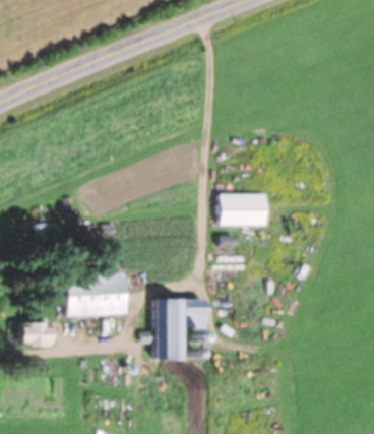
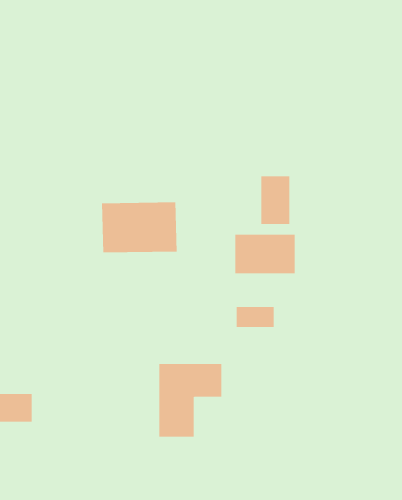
building: none -> [261,175,290,225]
building: [66,274,128,316] -> [101,202,177,253]

